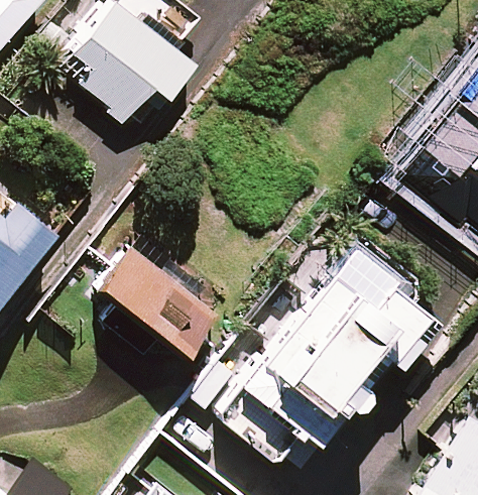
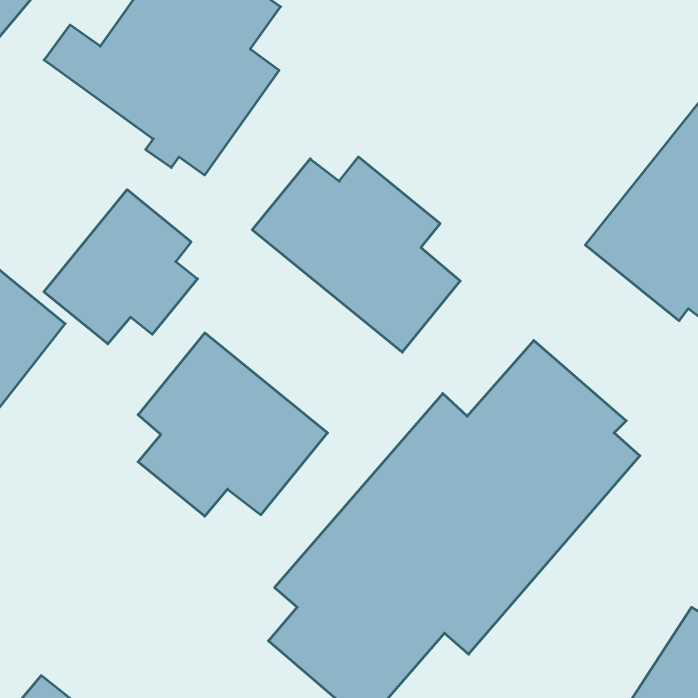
building: none -> [252,157,460,352]
building: none -> [44,190,198,344]

